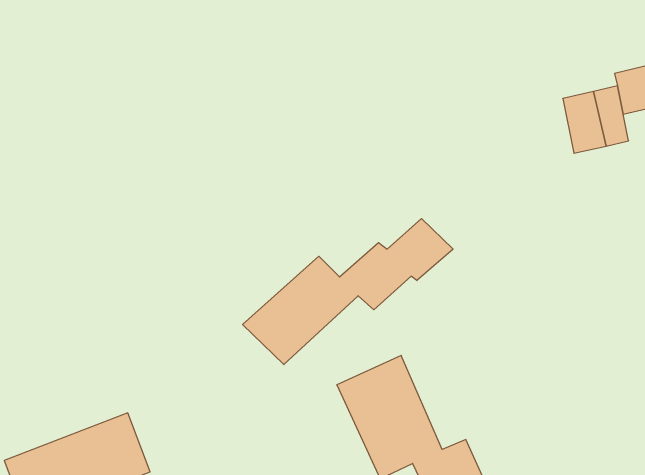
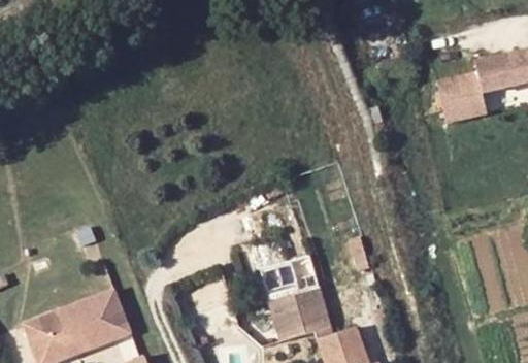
building: [243,219,453,365] -> none

